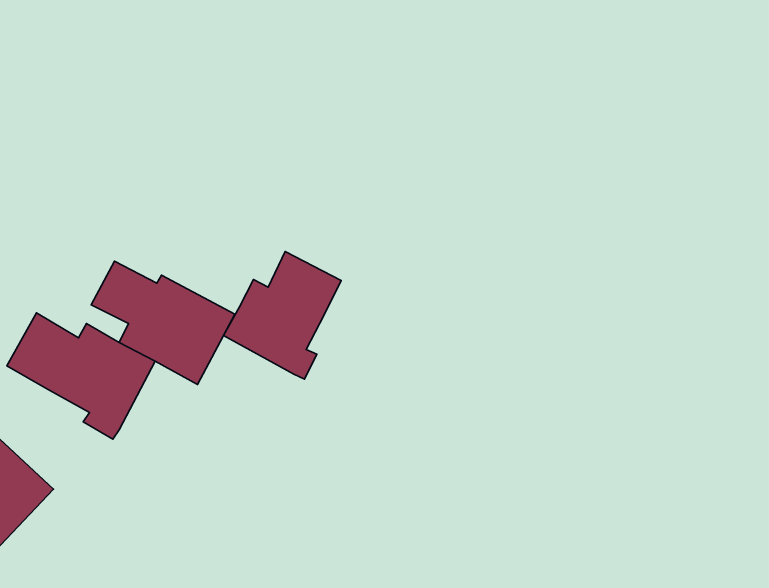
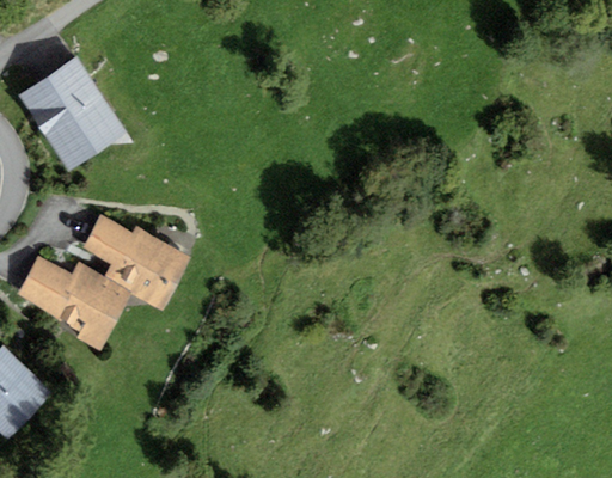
building: none -> [18,56,126,171]
building: [223,251,341,379] -> none

